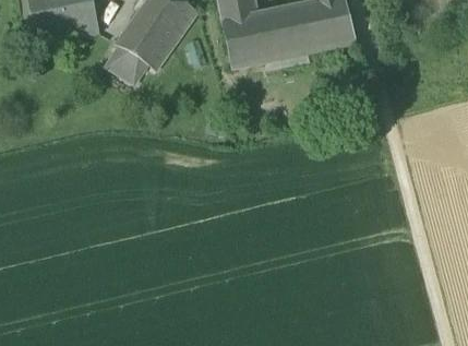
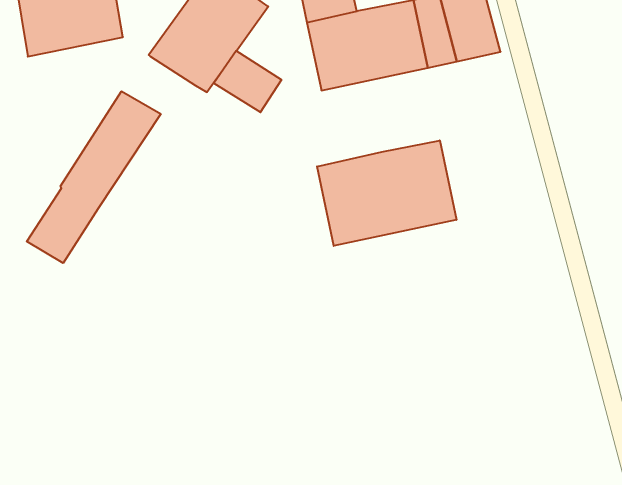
building: [103,44,148,85] -> [214,51,282,112]
building: none -> [27,91,161,263]
building: none -> [317,140,456,246]

